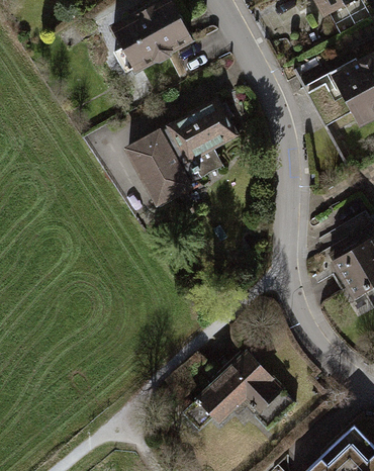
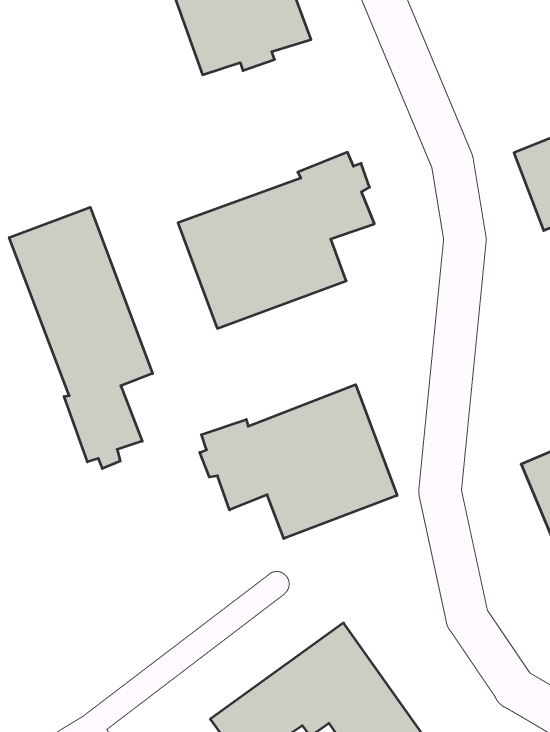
building: none -> [9,207,153,469]
building: none -> [200,385,397,539]

